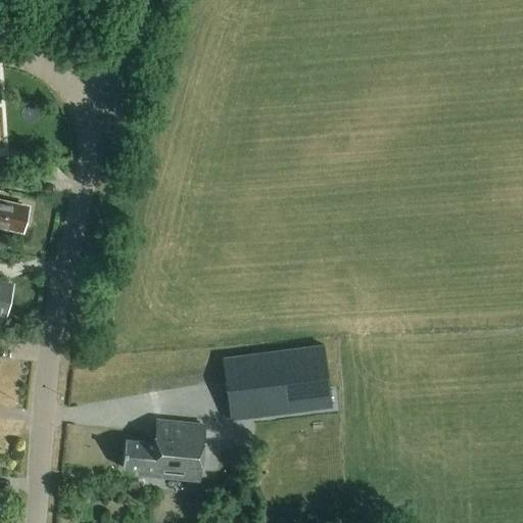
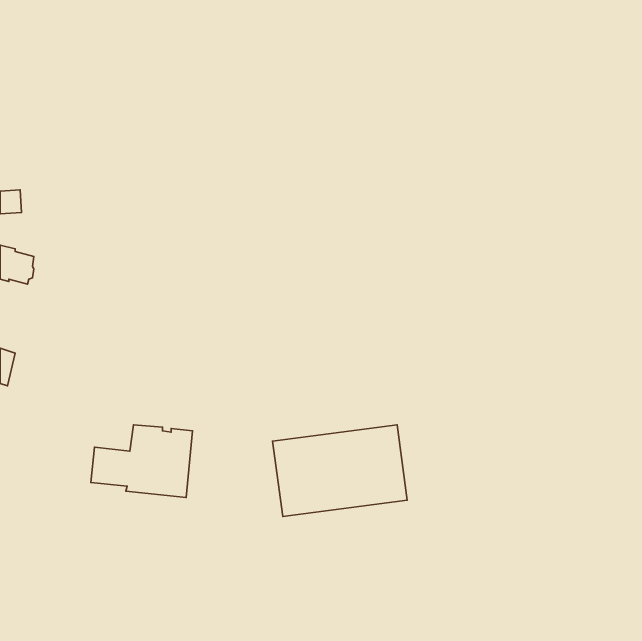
building: [122,421,204,480] -> [91,425,193,498]

